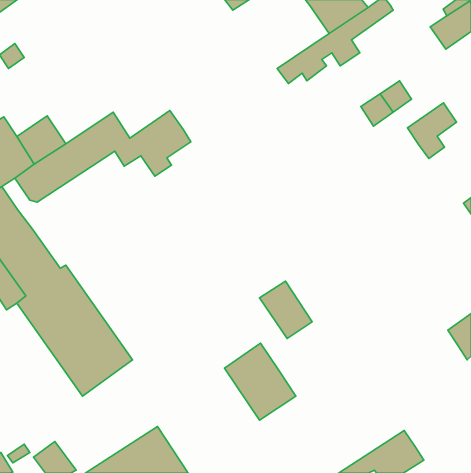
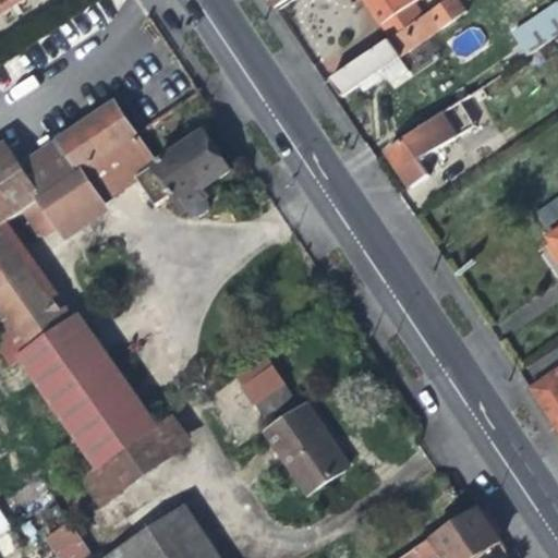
building: none -> [56,98,134,169]
building: [407,103,457,158] -> [381,125,439,191]
building: [259,281,312,339] -> [228,345,290,413]
building: none -> [80,410,194,508]

